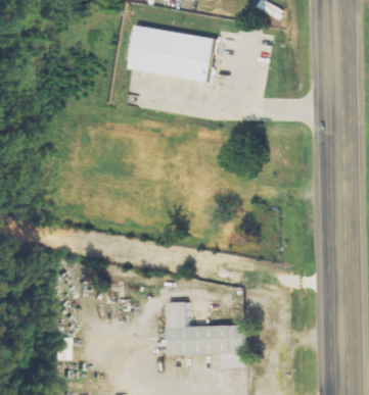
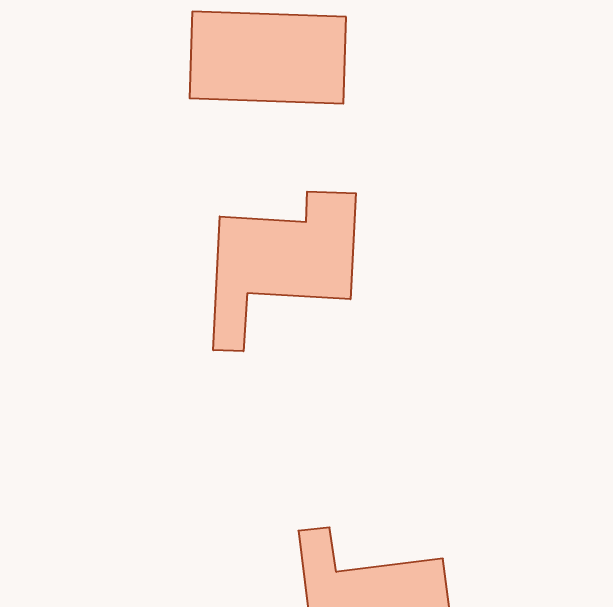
building: none -> [213,192,356,351]

